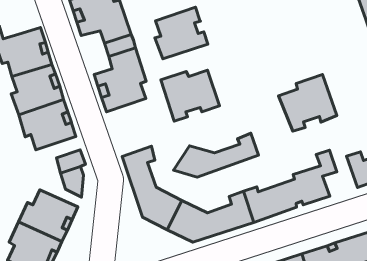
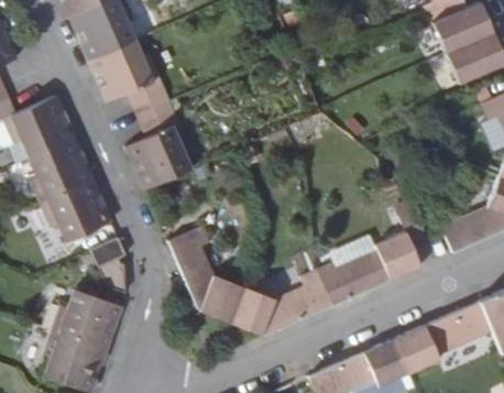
building: [155,7,208,59] -> none
building: [161,70,219,121] -> none
building: [278,75,337,131] -> none
building: [173,133,259,177] -> none

